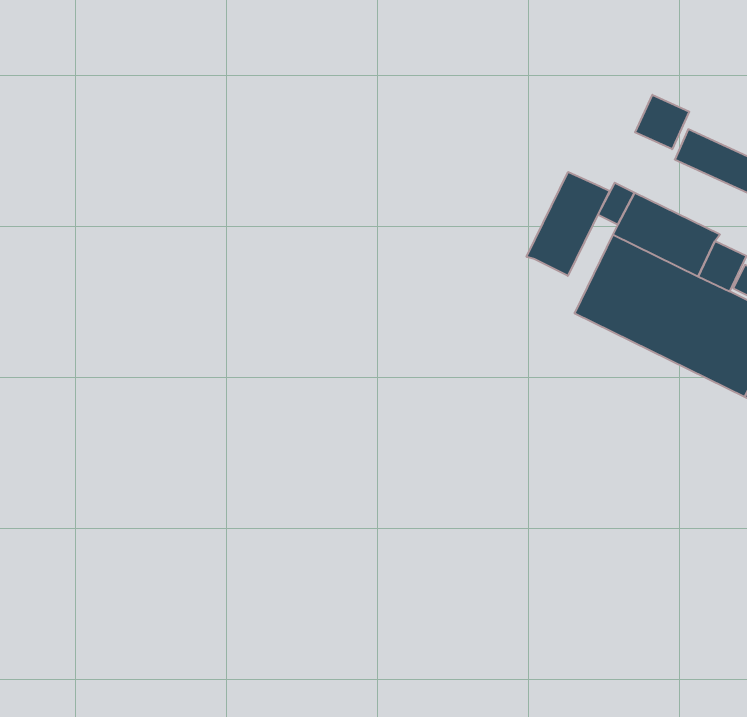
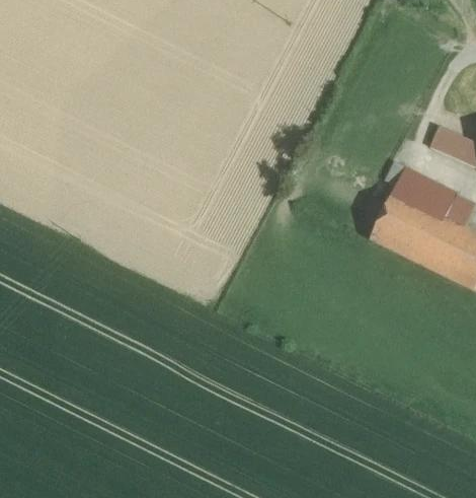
building: [635,95,689,149] -> none
building: [527,172,609,276] -> none

